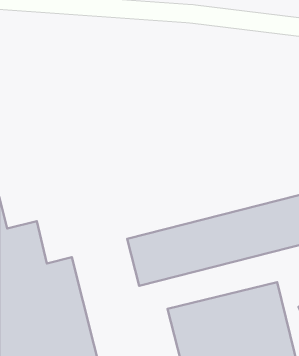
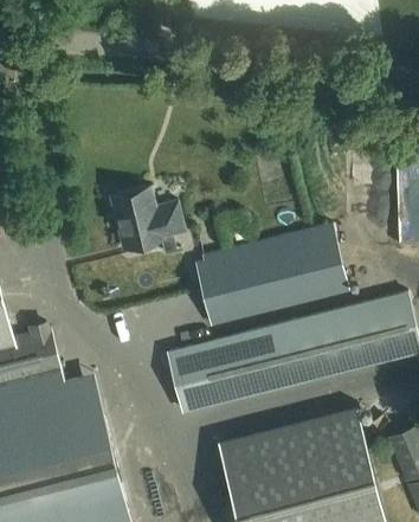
building: none -> [110,187,185,250]
building: none -> [196,225,350,327]

